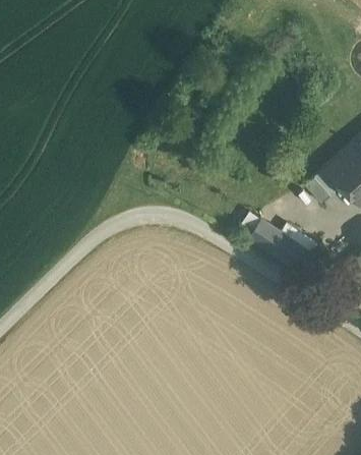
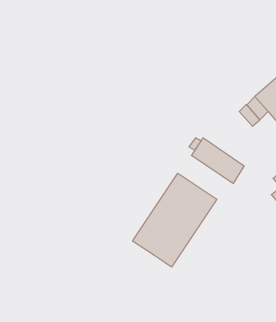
building: none -> [133,173,217,267]

